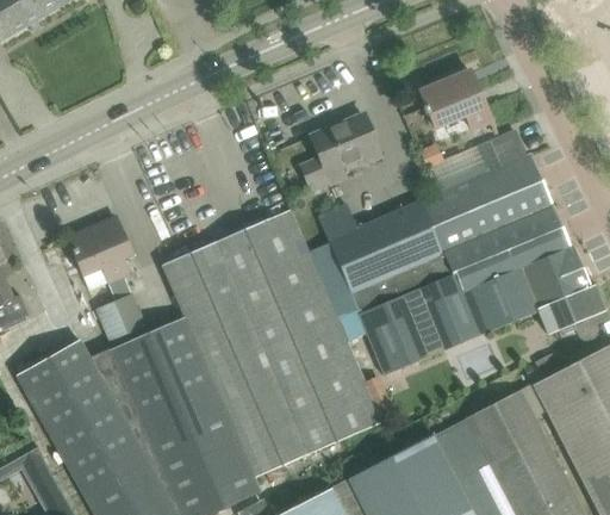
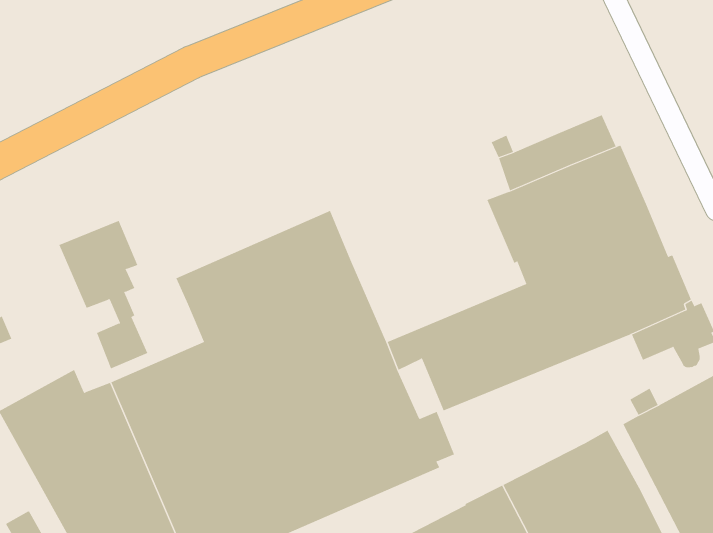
building: [419,70,491,129] -> none
building: [300,114,381,191] -> none
building: [309,200,452,317] -> none

